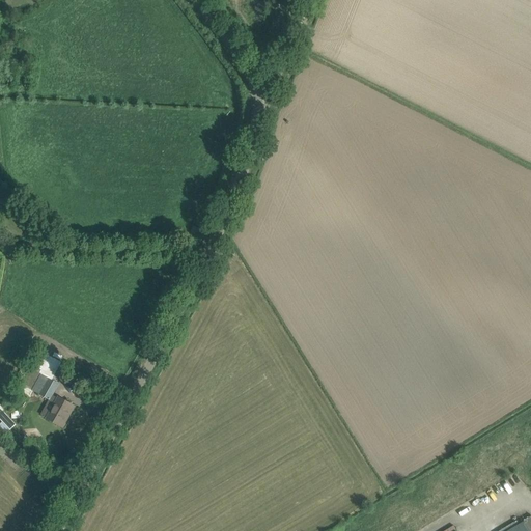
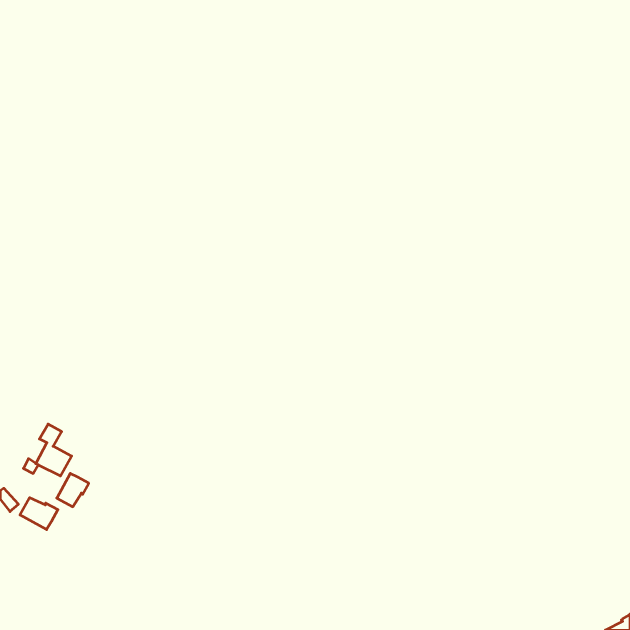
building: none -> [20,498,58,530]

